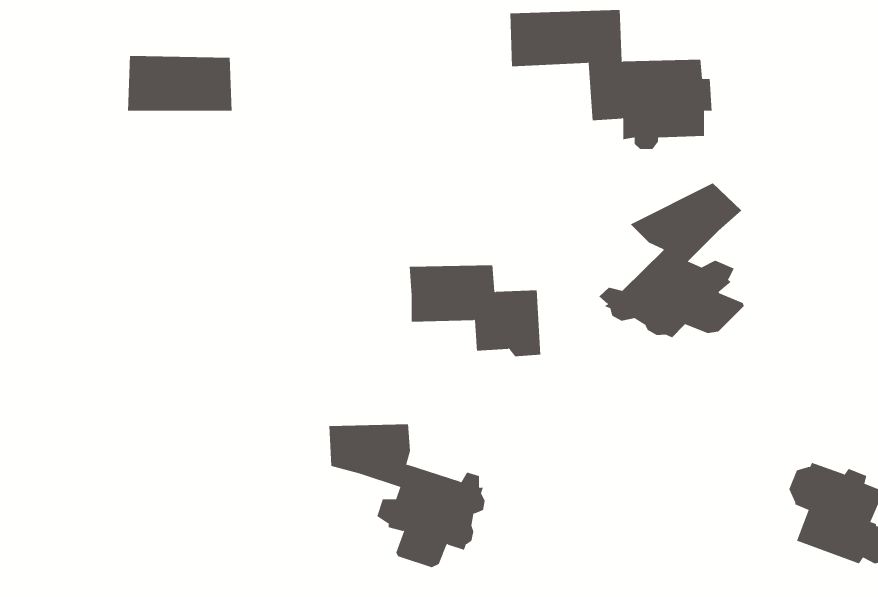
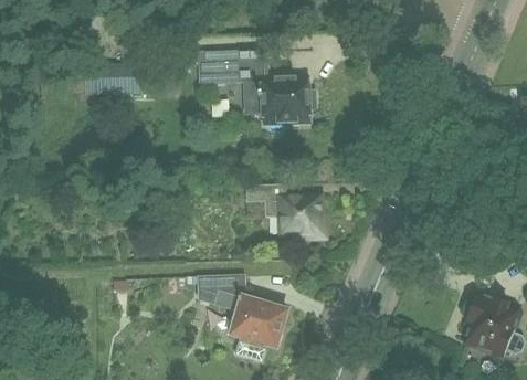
building: [509,9,713,149] -> [197,50,314,130]
building: [598,183,744,338] -> none

